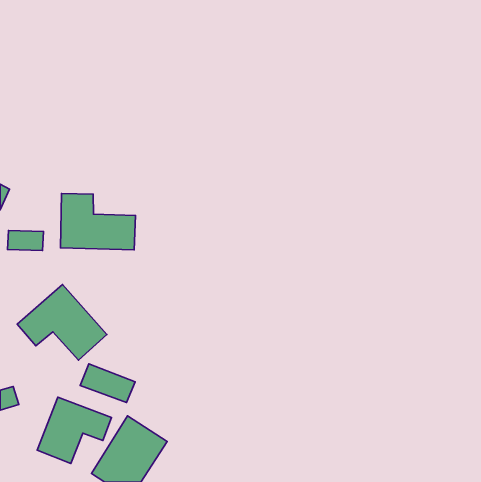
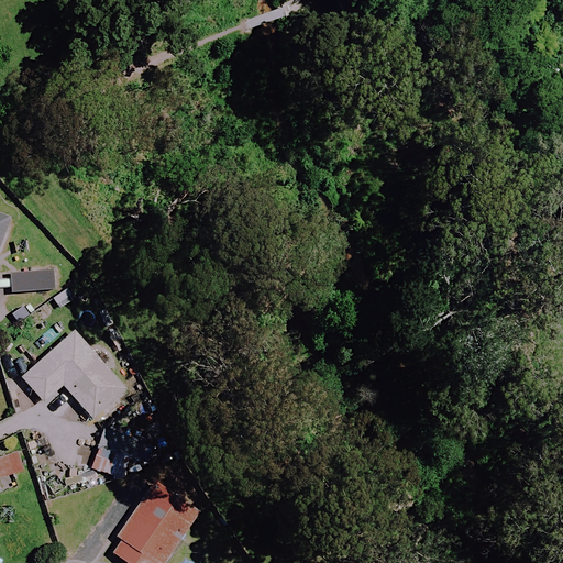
building: [60,193,136,250] -> none
building: [37,397,111,463] -> none

